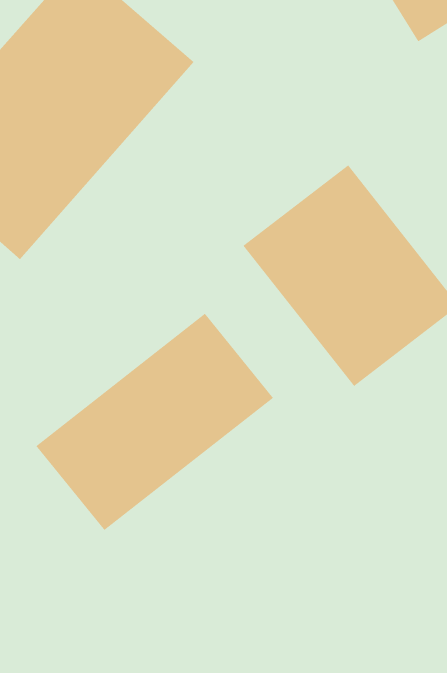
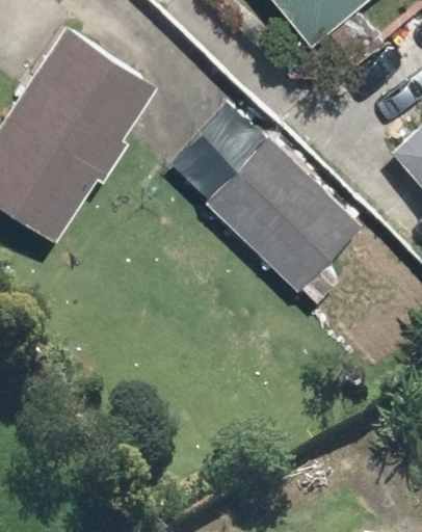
building: [35,313,274,531] -> none

